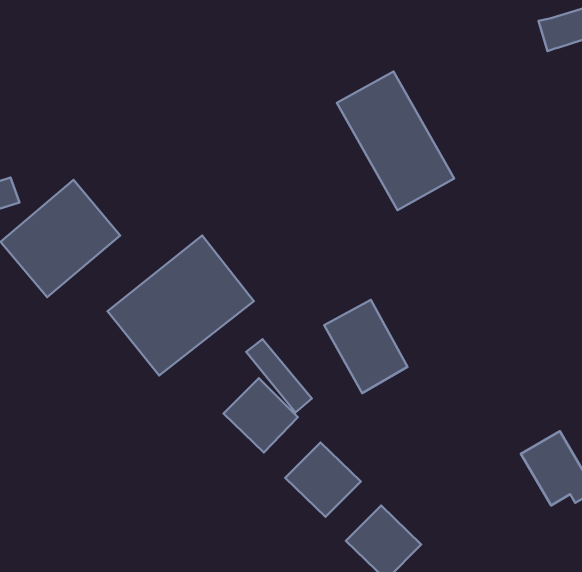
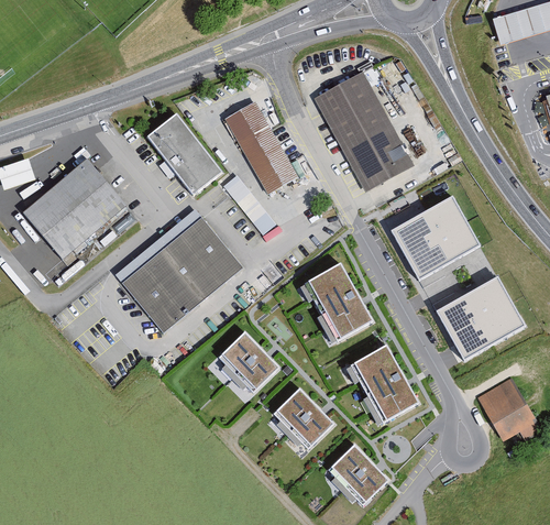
building: none -> [222,102,296,196]
building: none -> [146,114,221,197]
building: none -> [389,195,479,278]
building: none -> [435,274,524,358]
building: [246,339,312,412] -> [222,173,279,237]
building: none -> [349,346,420,427]

